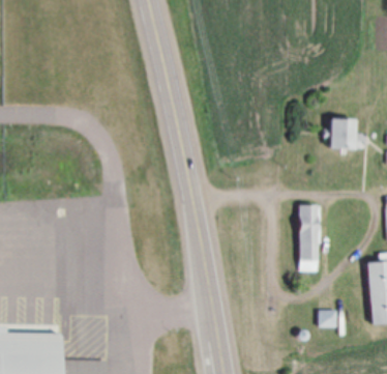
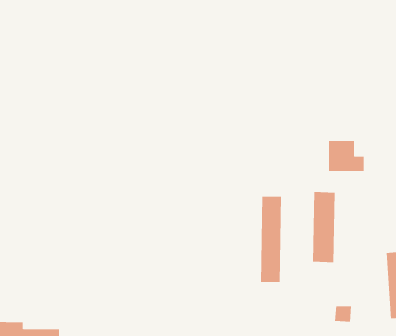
building: [329,119,363,148] -> [328,141,365,171]
building: none -> [260,196,281,283]

